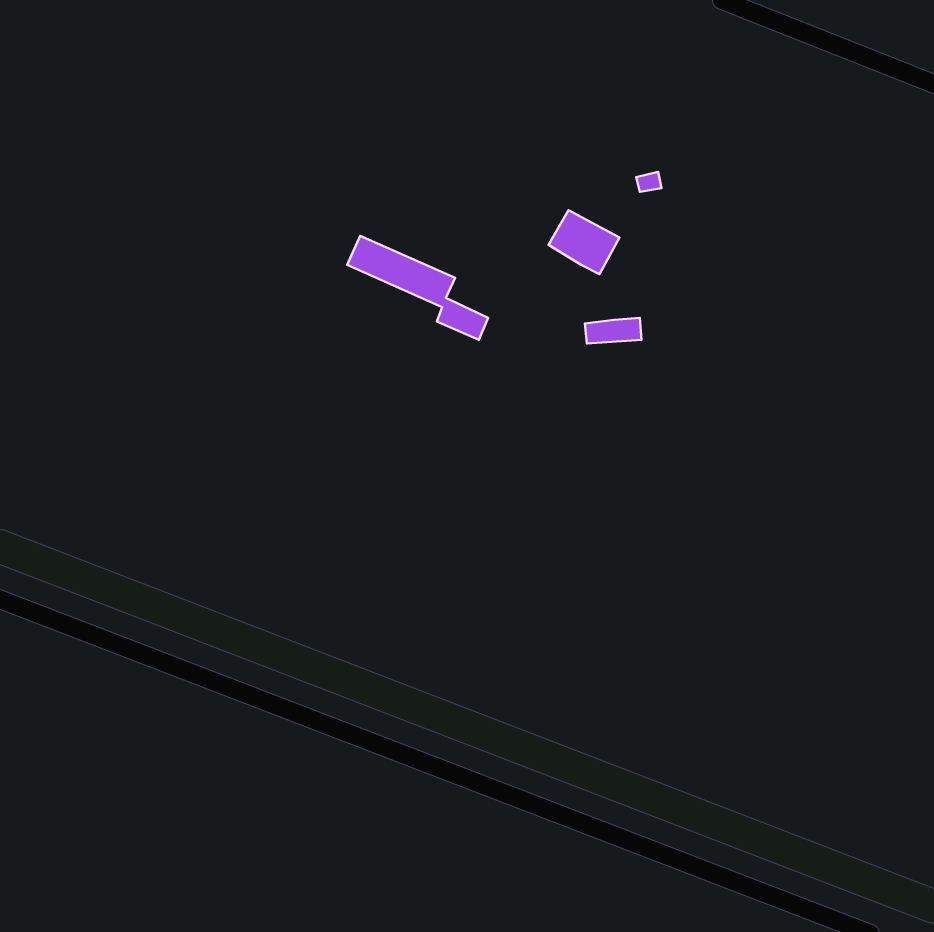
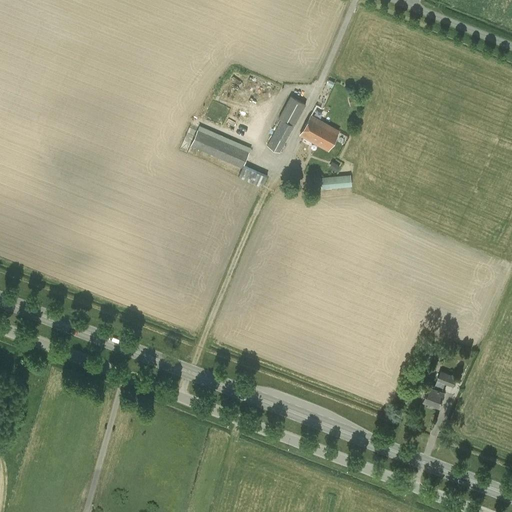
building: none -> [267,96,305,153]
building: none -> [424,371,457,407]

